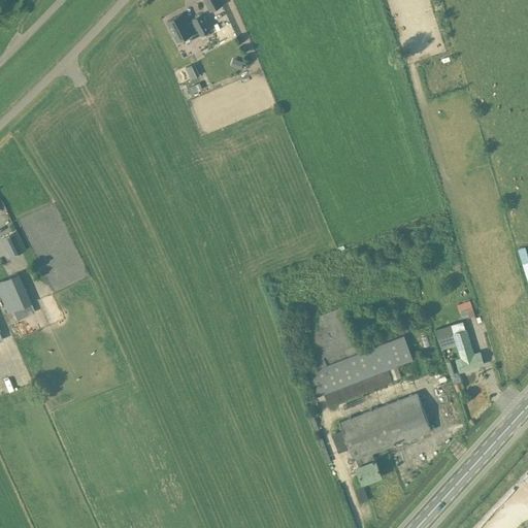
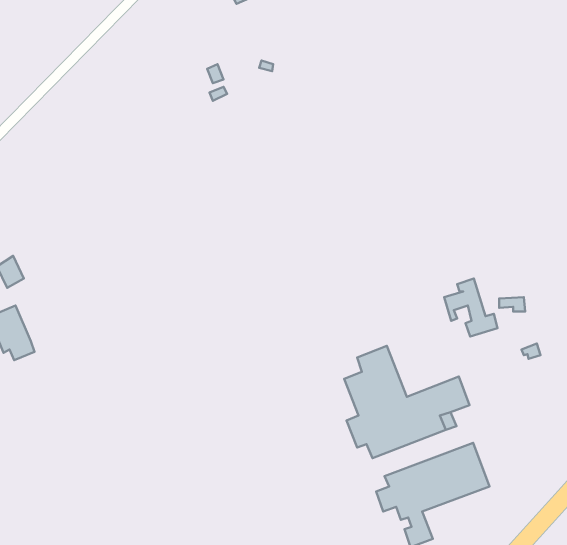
building: [167,13,210,41] -> none
building: [437,322,484,372] -> [444,278,497,336]

